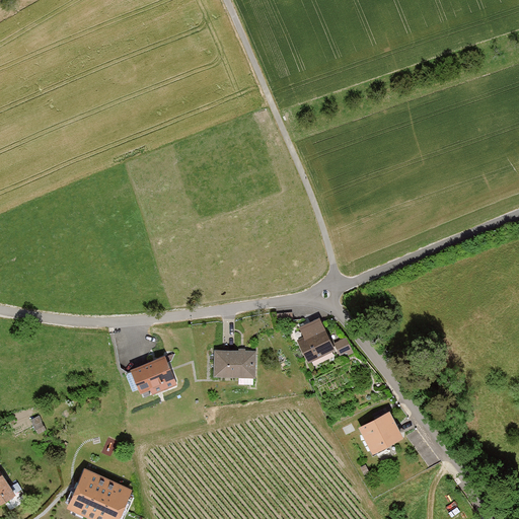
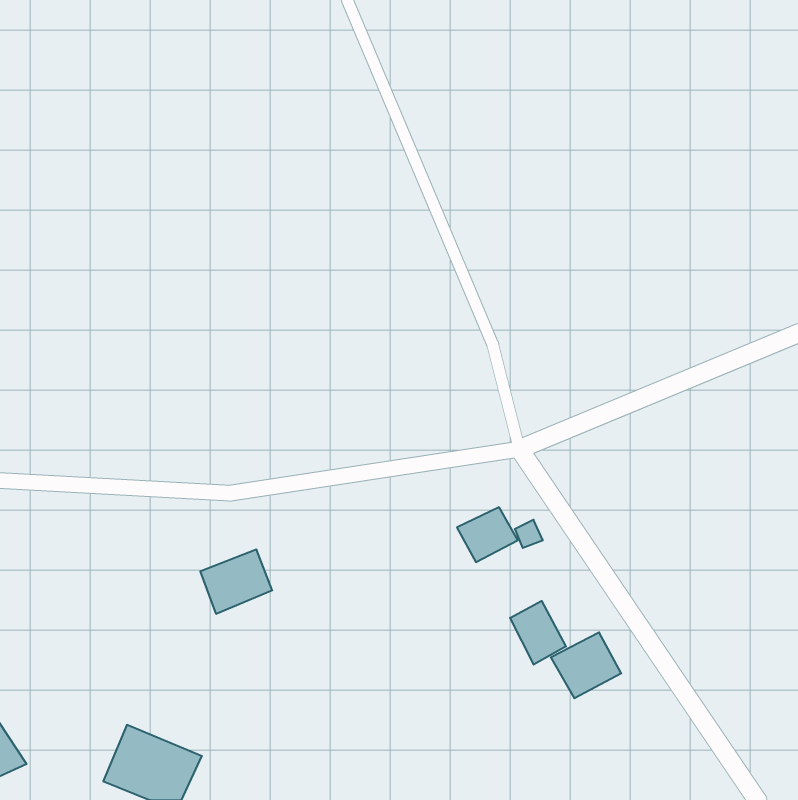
building: [211,349,254,379] -> none
building: none -> [510,601,566,665]

